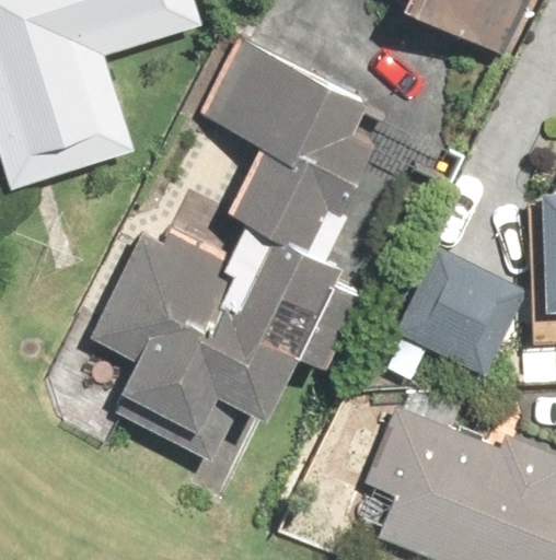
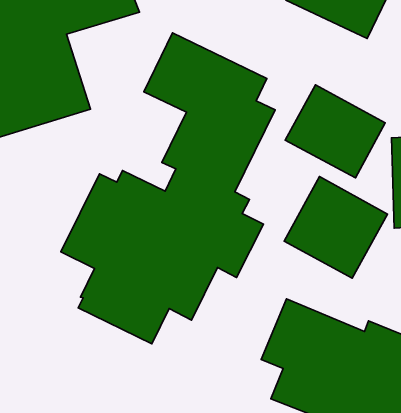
building: none -> [285,85,385,178]

